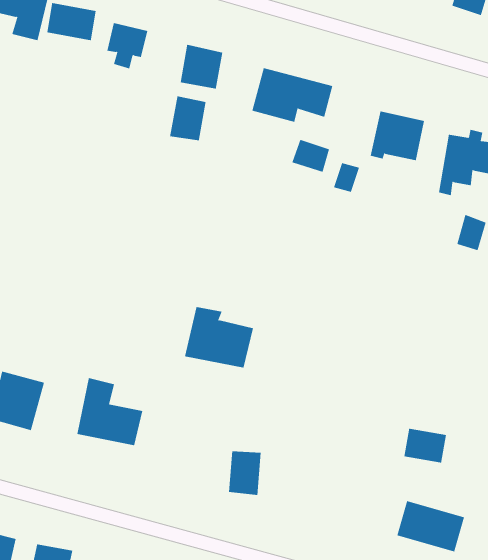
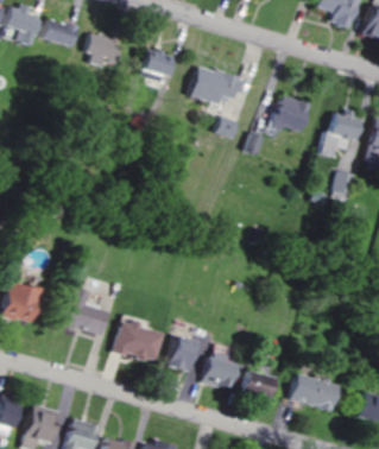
building: [170,95,206,141] -> none
building: [184,307,254,368] -> [116,317,166,361]
building: [403,428,447,463] -> [245,372,276,397]
building: none -> [208,353,240,388]

